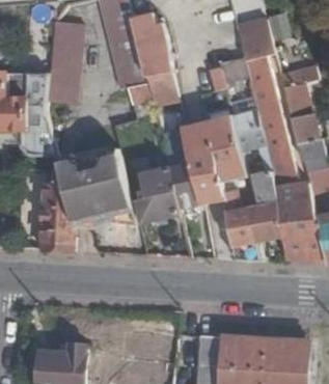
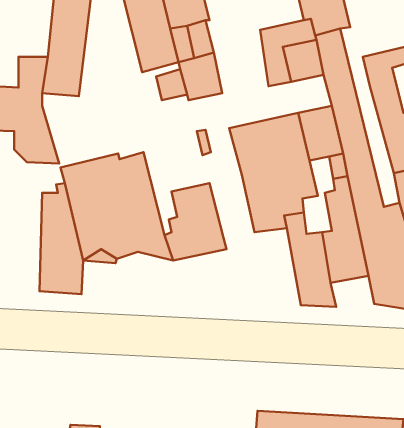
building: [163,146,200,208] -> none

